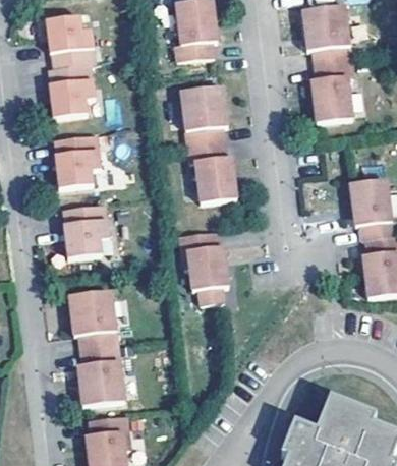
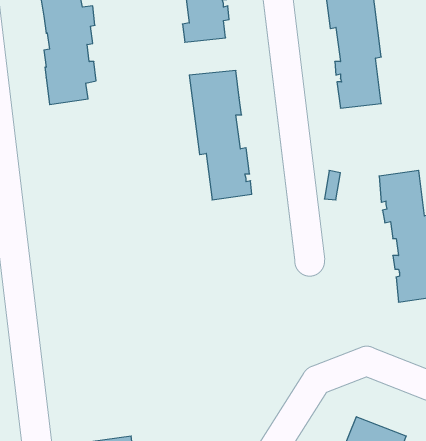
building: [55,134,102,188] -> none
building: [63,205,110,257] -> none
building: [179,232,228,304] -> none
building: [69,290,125,405] -> none

